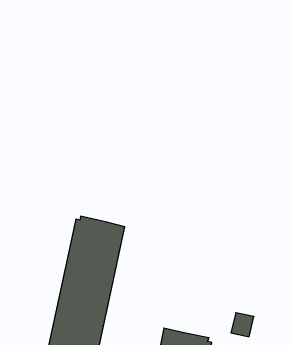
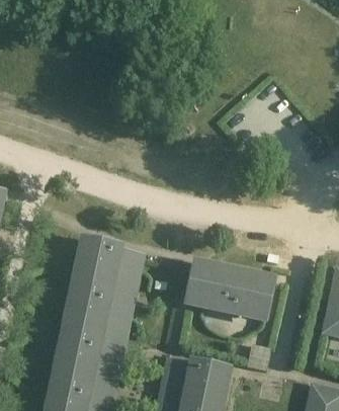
building: none -> [197,266,272,318]

